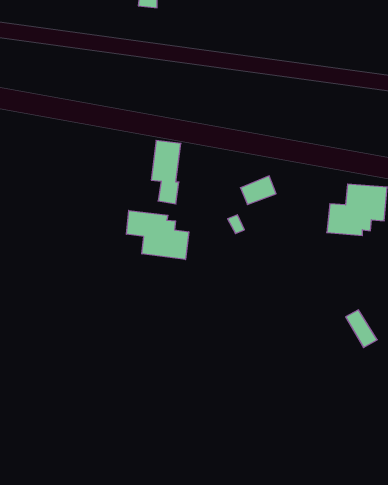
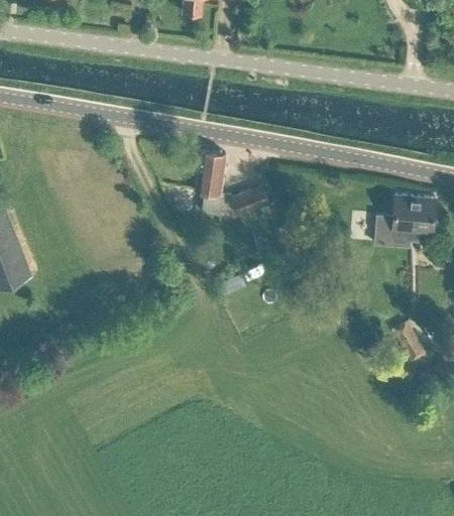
building: [240,176,276,205] -> [232,186,268,216]
building: [126,210,189,260] -> none

